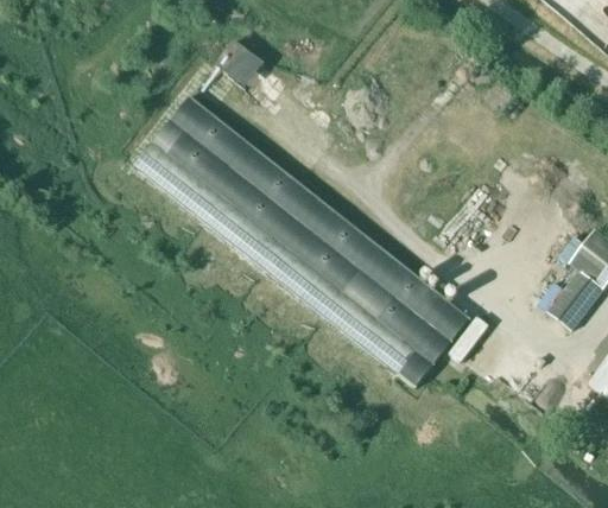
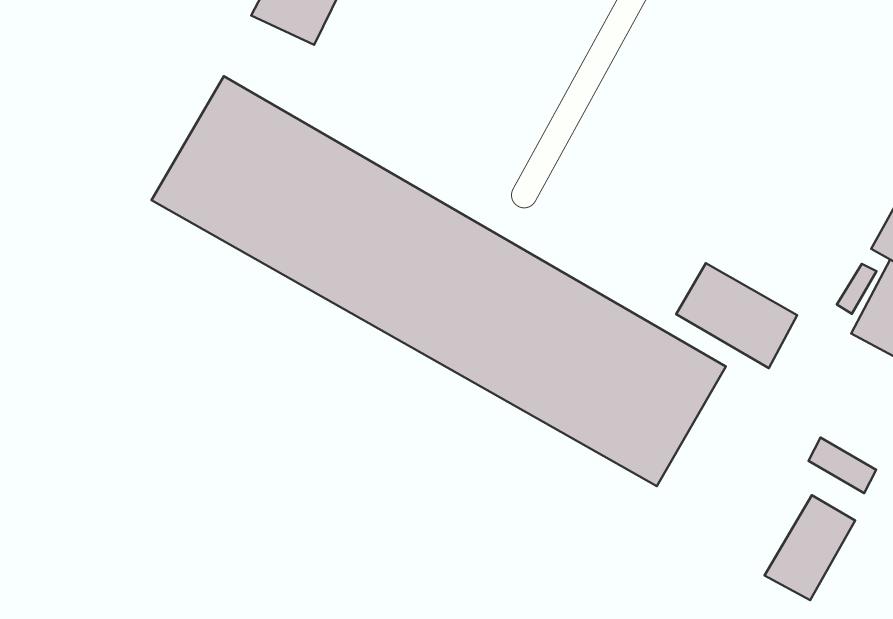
building: none -> [676,263,797,368]
building: none -> [765,495,855,600]

